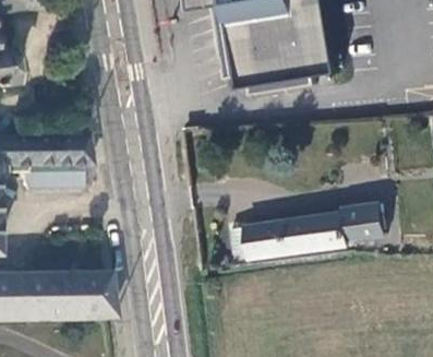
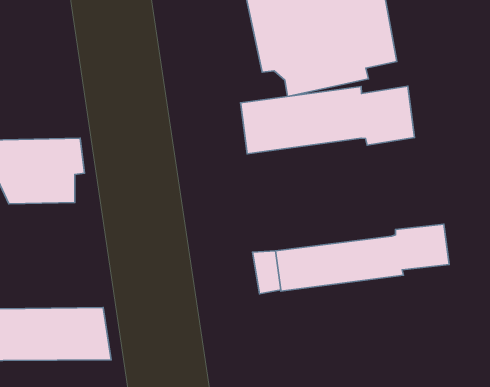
building: none -> [240,86,415,154]

